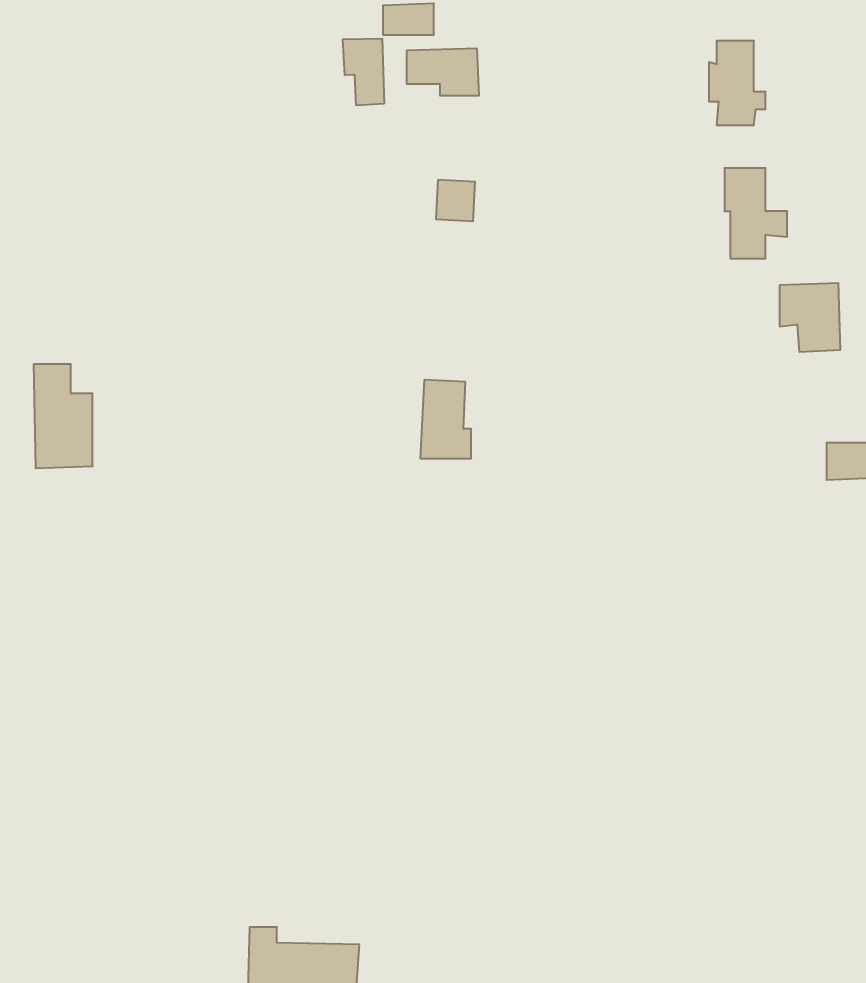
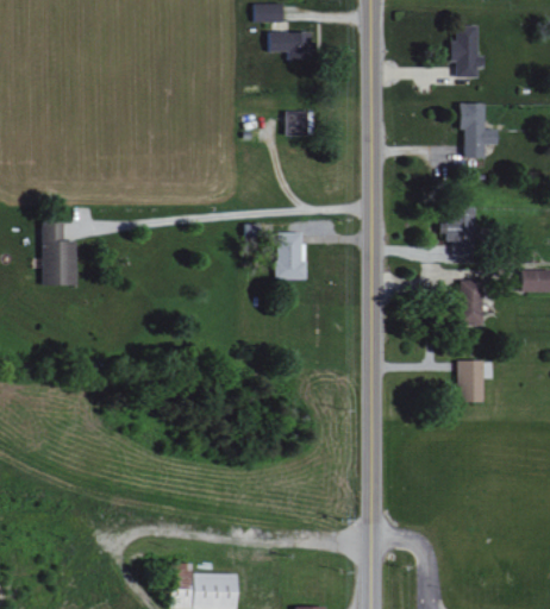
building: [343,39,384,105] -> none
building: [780,283,840,352] -> [442,216,479,258]
building: none -> [460,281,483,326]
building: none -> [457,360,485,402]

